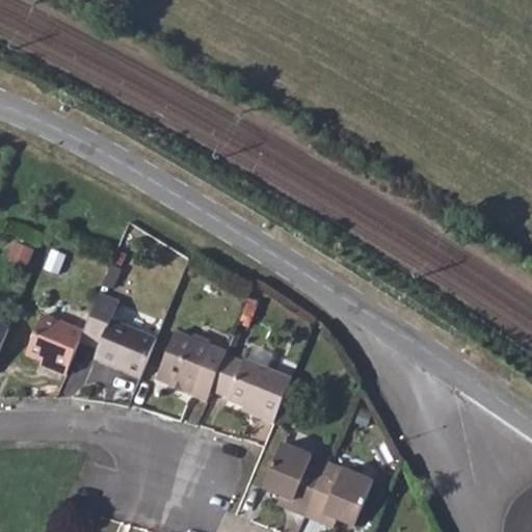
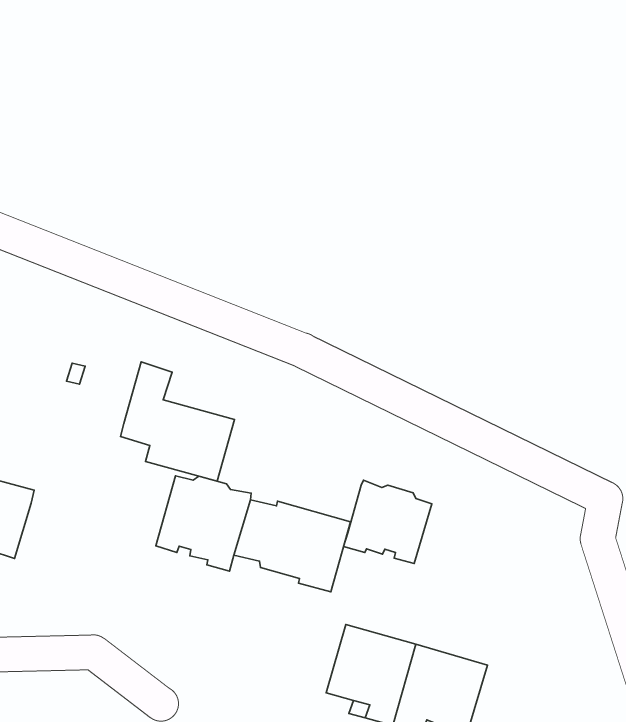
building: [80,290,157,375] -> [121,362,235,481]
building: none -> [344,480,432,563]

